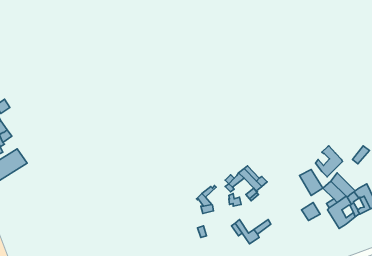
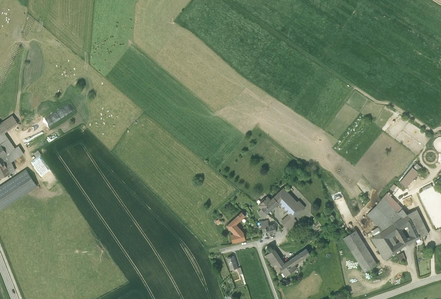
building: [316,146,343,177] -> none
building: [300,169,323,195] -> [351,243,377,272]

